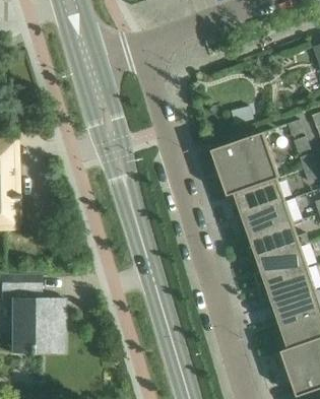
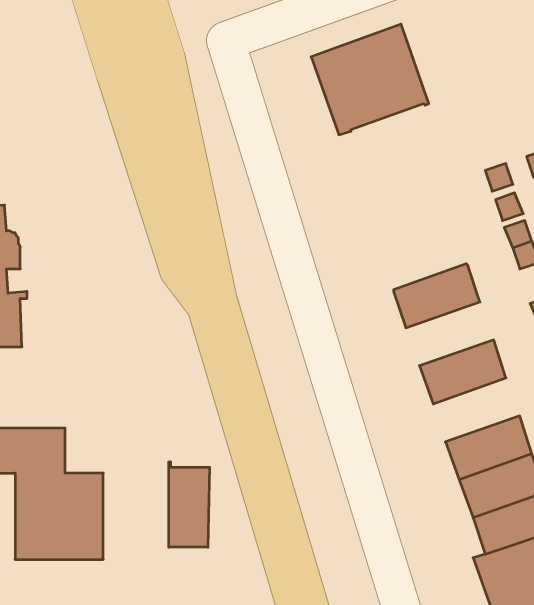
building: [210,131,279,196] -> [311,24,429,135]
building: [241,200,293,238] -> none
building: [257,245,308,282] -> none
building: none -> [169,462,210,547]

